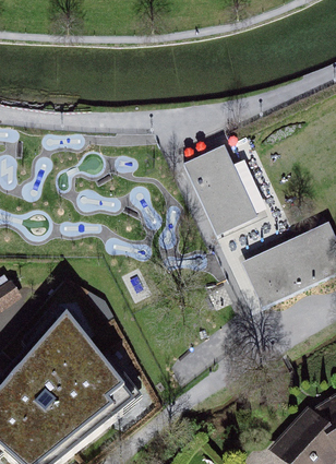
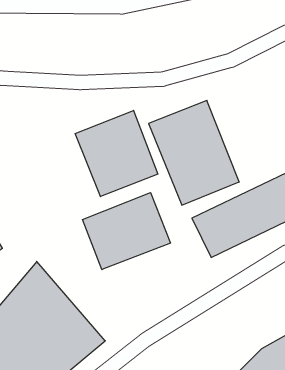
building: none -> [75,110,158,197]
building: none -> [82,193,171,270]

